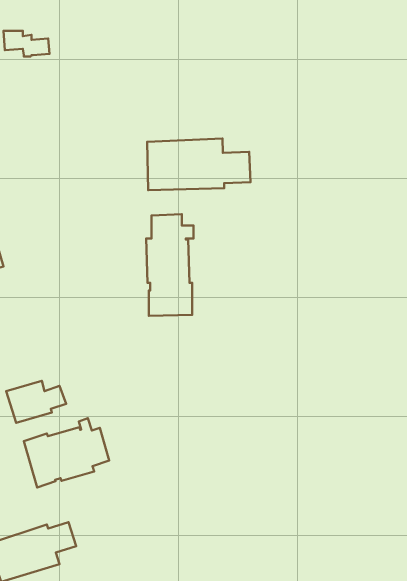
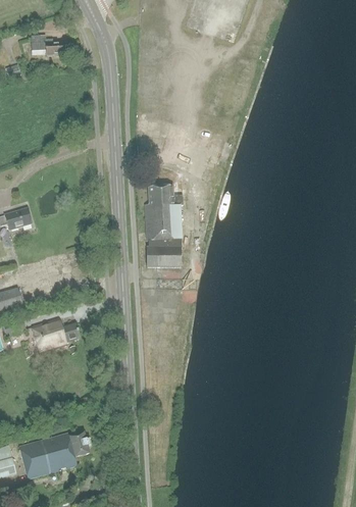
building: [147,138,250,190] -> none
building: [24,418,109,487] -> none

